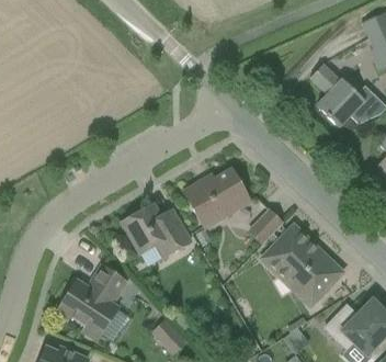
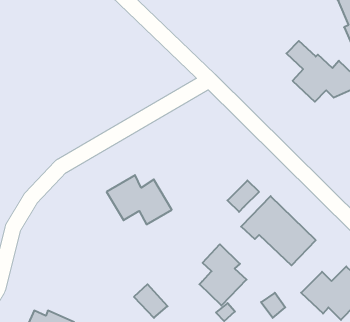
building: [184,170,251,228] -> none
building: [59,267,127,340] -> none
building: none -> [199,244,247,306]

